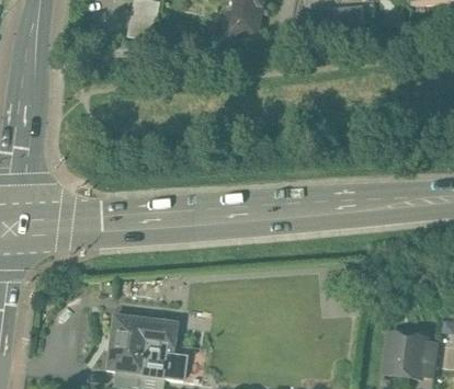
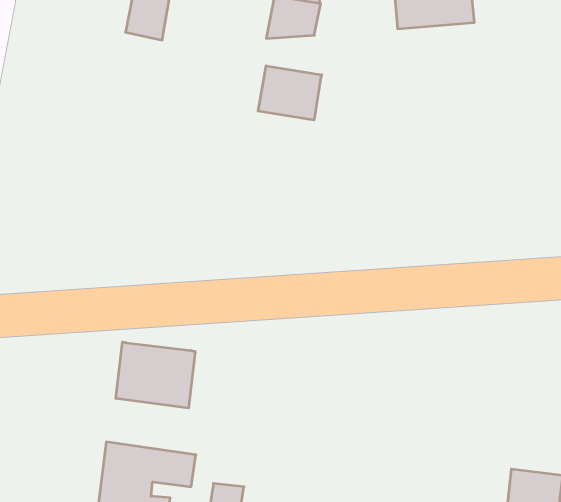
building: none -> [258,66,322,120]
building: none -> [116,342,195,408]

